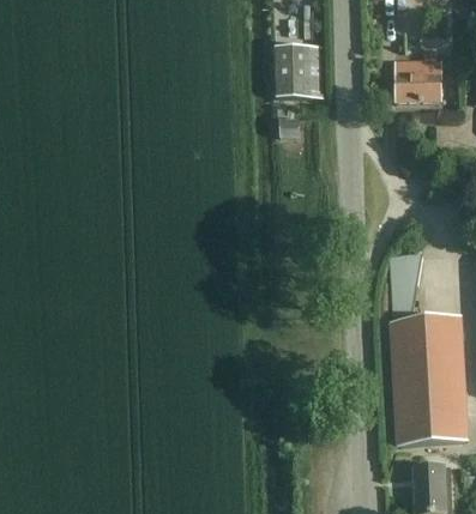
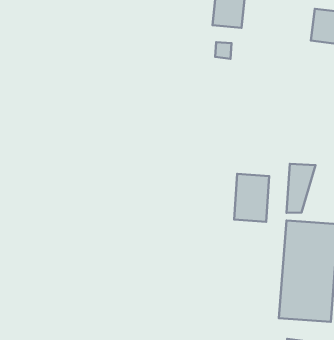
building: none -> [234,174,269,222]

